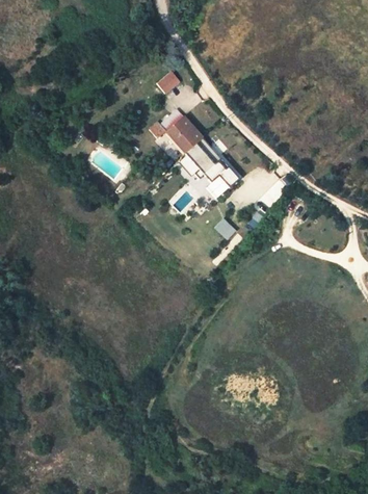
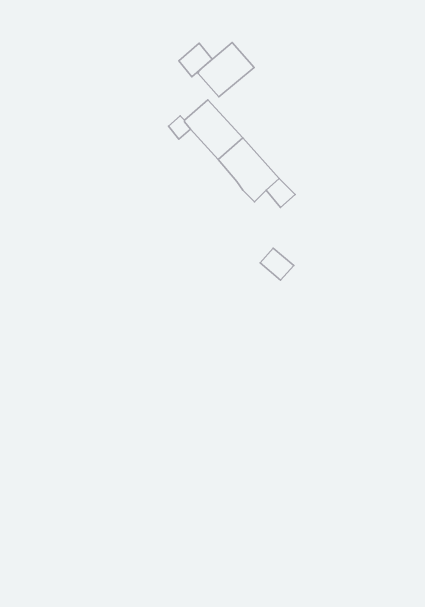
building: none -> [198,42,254,97]

